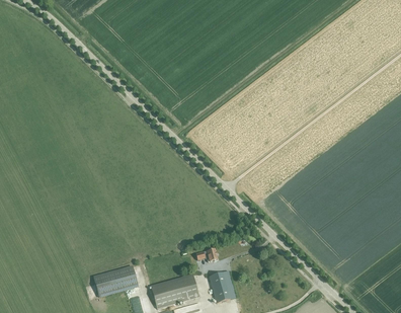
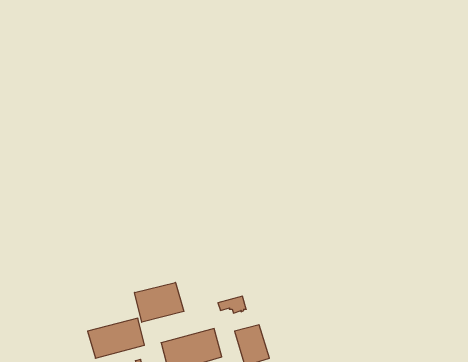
building: none -> [135,282,184,322]

